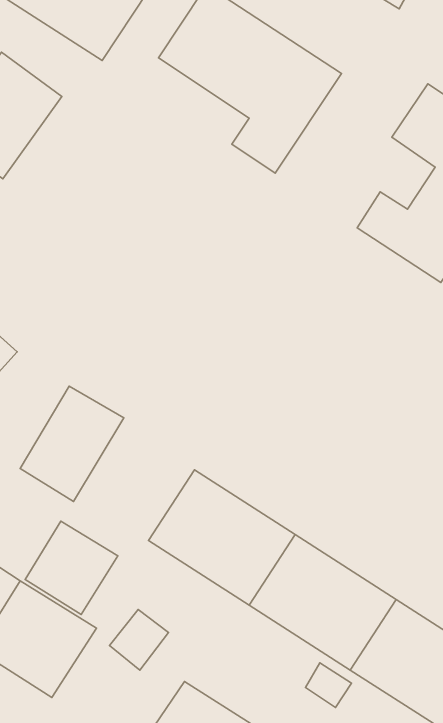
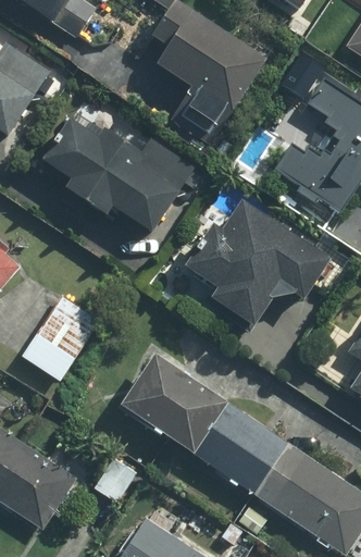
building: none -> [43,109,189,230]
building: none -> [190,200,328,319]
building: [25,521,118,614] -> none

